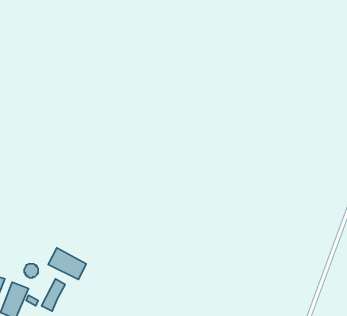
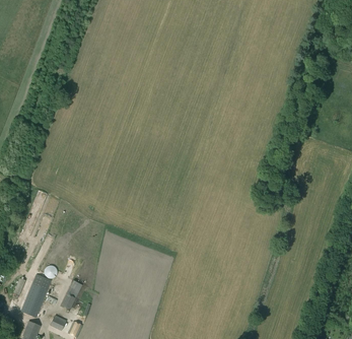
building: [48,248,86,279] -> none

